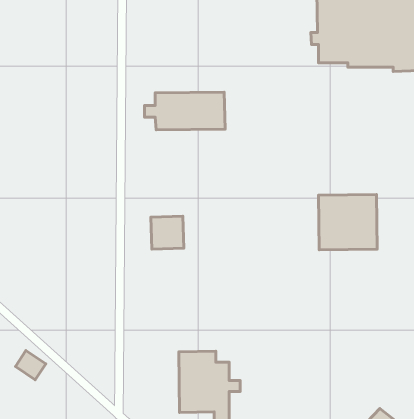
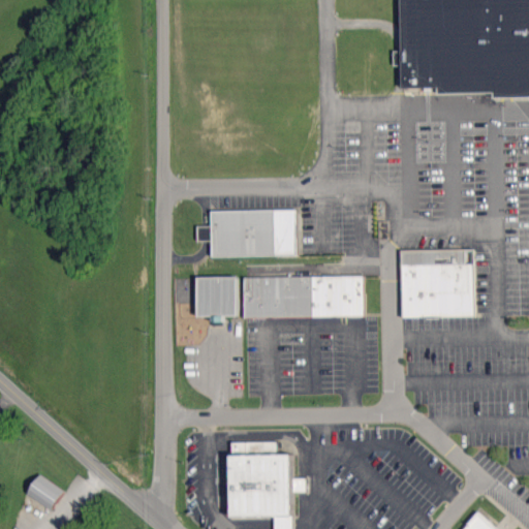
building: [144,92,225,130] -> [196,210,295,256]
building: none -> [243,275,363,317]
building: [16,350,46,380] -> [26,474,63,510]

